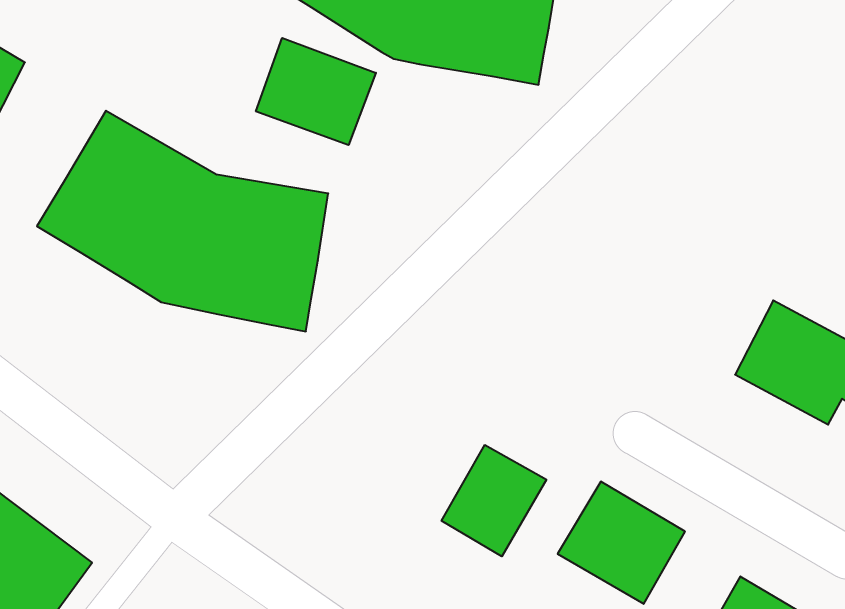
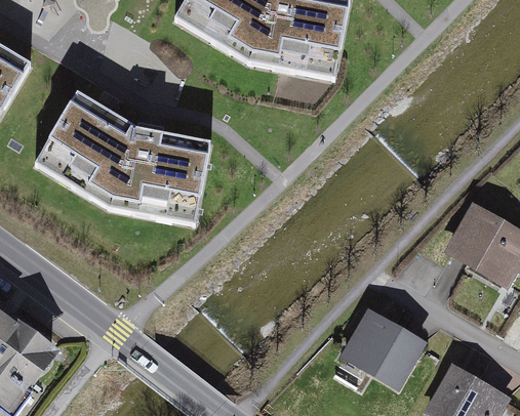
building: [256,38,376,145] -> none
building: [442,445,546,556] -> none

